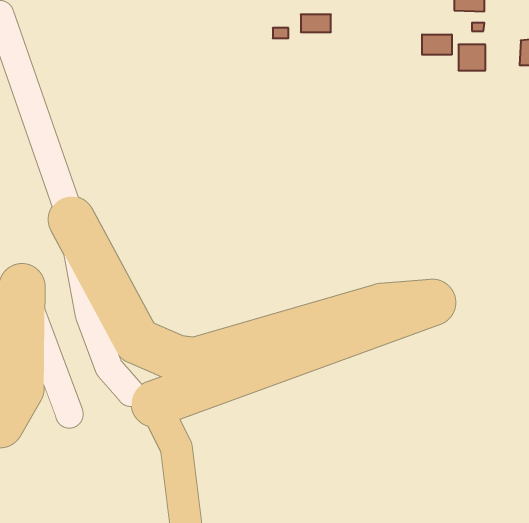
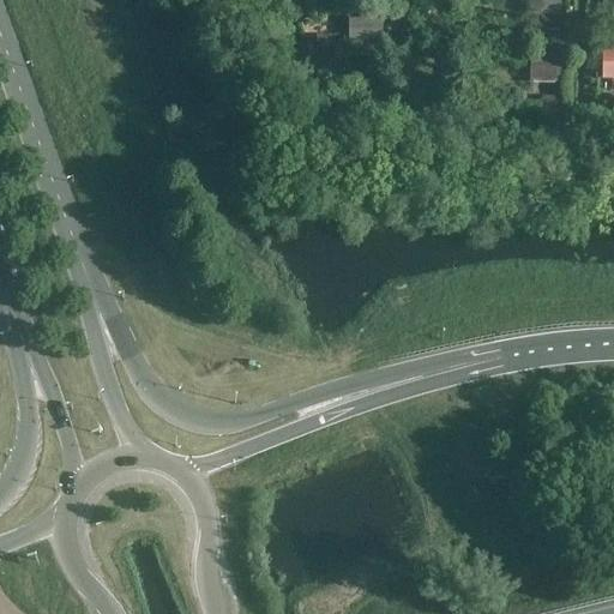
building: [422,34,452,55] -> none

